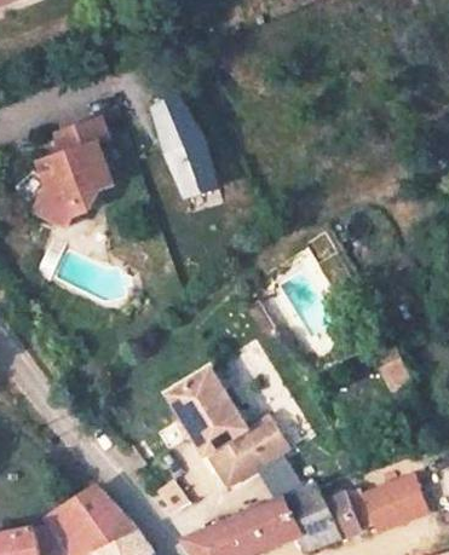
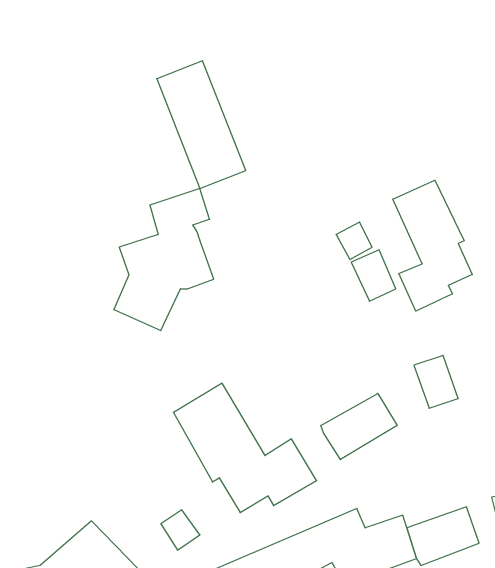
building: [23,122,110,245] -> [114,189,214,330]
building: none -> [393,180,472,311]
building: none -> [321,393,397,460]

